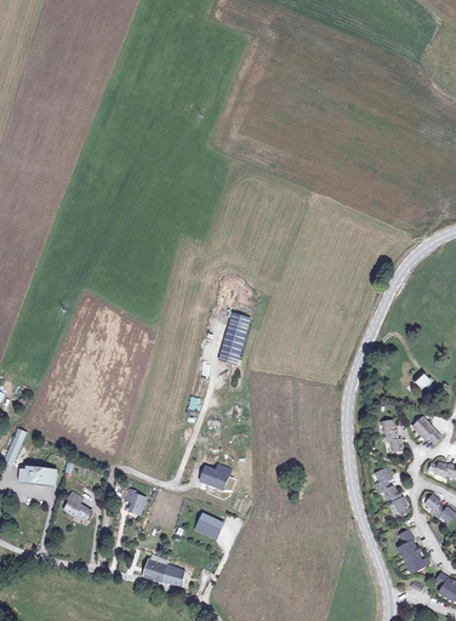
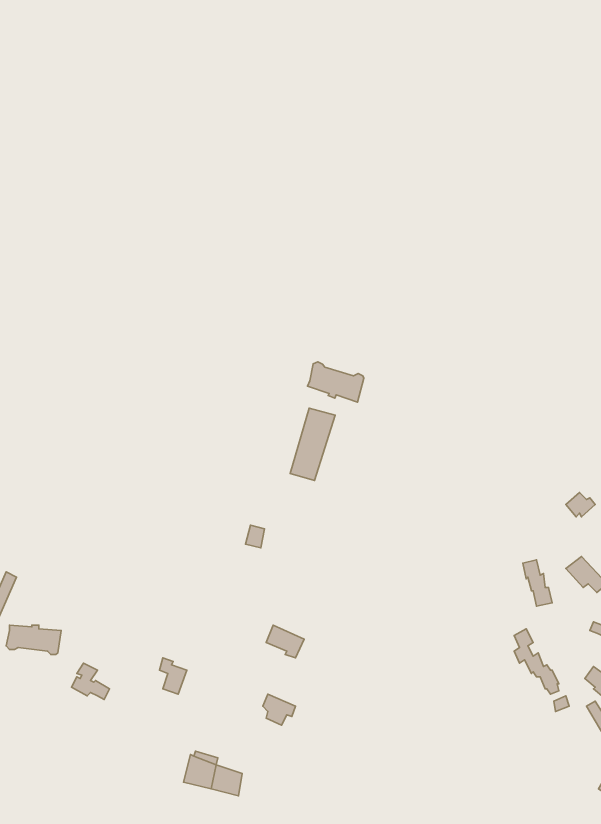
building: none -> [308,362,364,402]
building: [399,530,429,572] -> none

